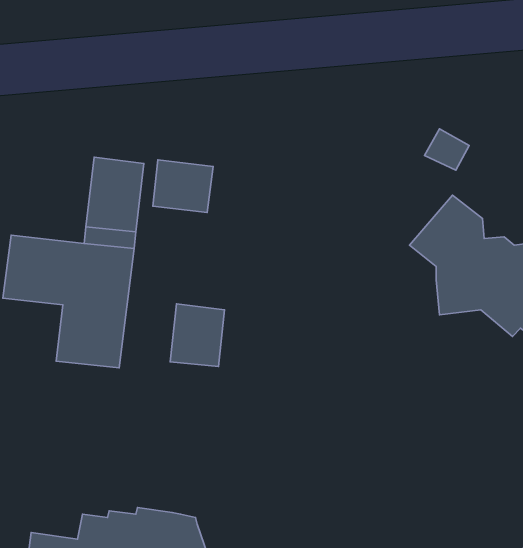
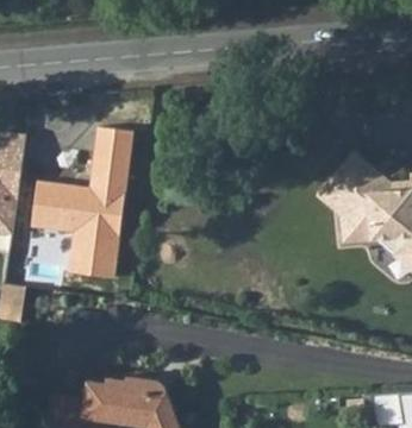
building: [153,160,213,212] -> none
building: [170,304,224,366] -> none

